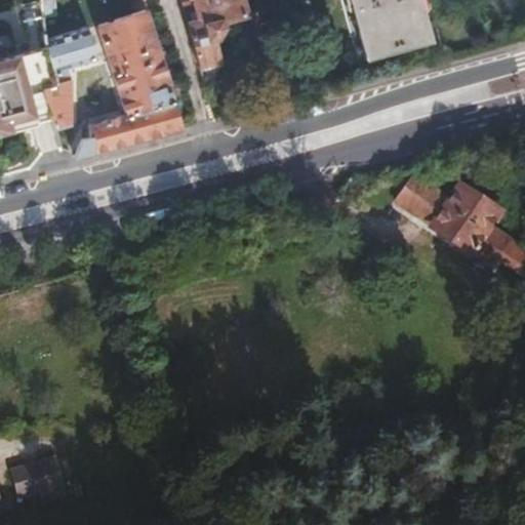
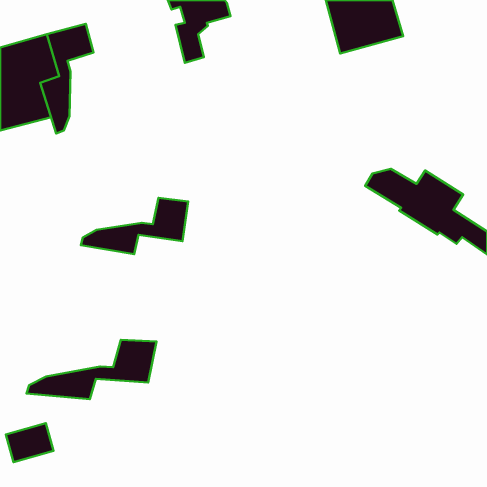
building: [74,10,185,159] -> none
building: none -> [81,198,188,254]
building: none -> [27,340,156,399]

